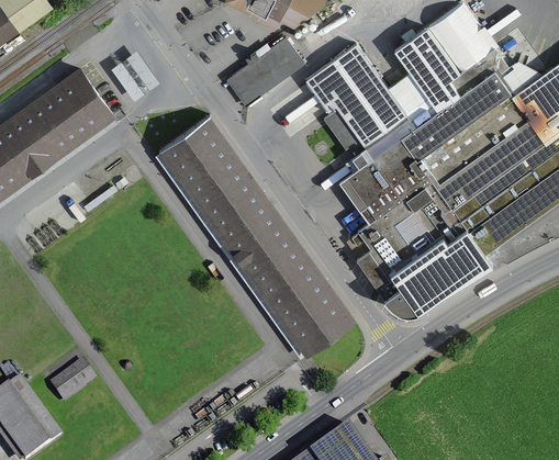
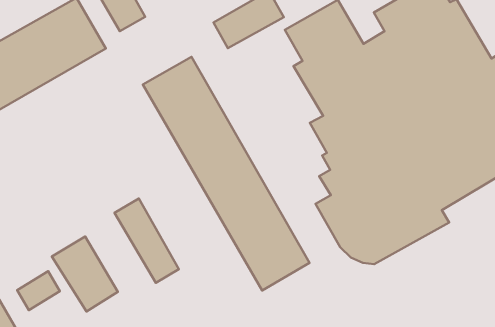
building: none -> [114,199,179,283]
building: none -> [52,236,118,311]

